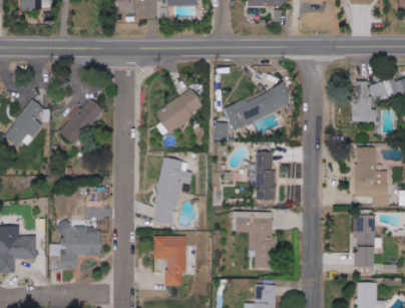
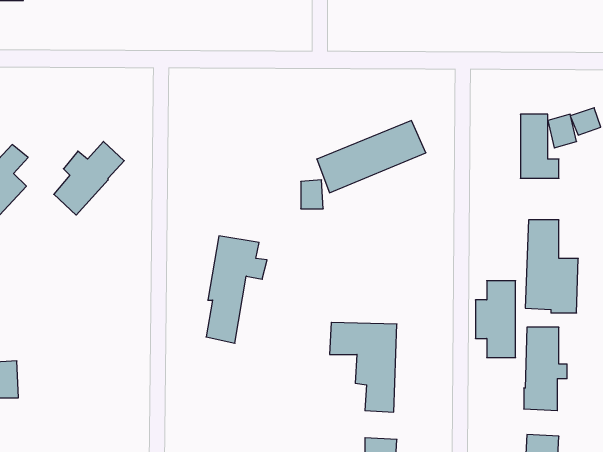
building: [155,89,204,133] -> none
building: [250,151,275,200] -> [475,281,516,358]
building: [61,228,102,269] -> none
building: [155,236,186,286] -> none

